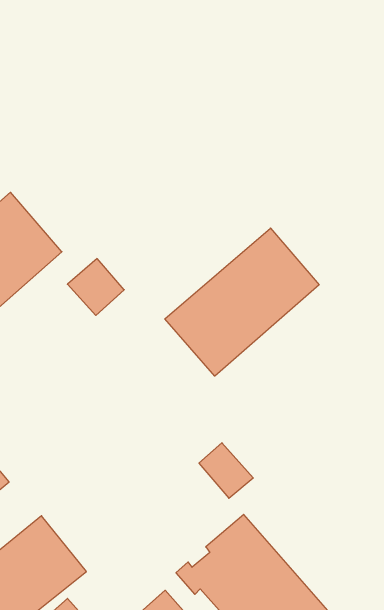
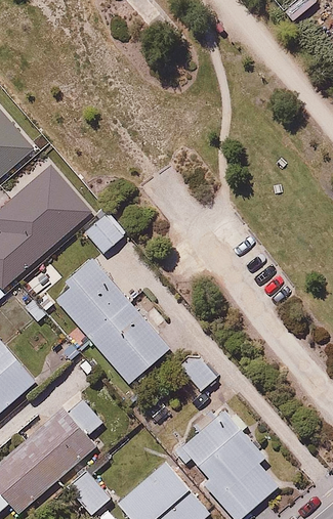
building: [165,228,319,376] -> none
building: none -> [55,260,175,386]

